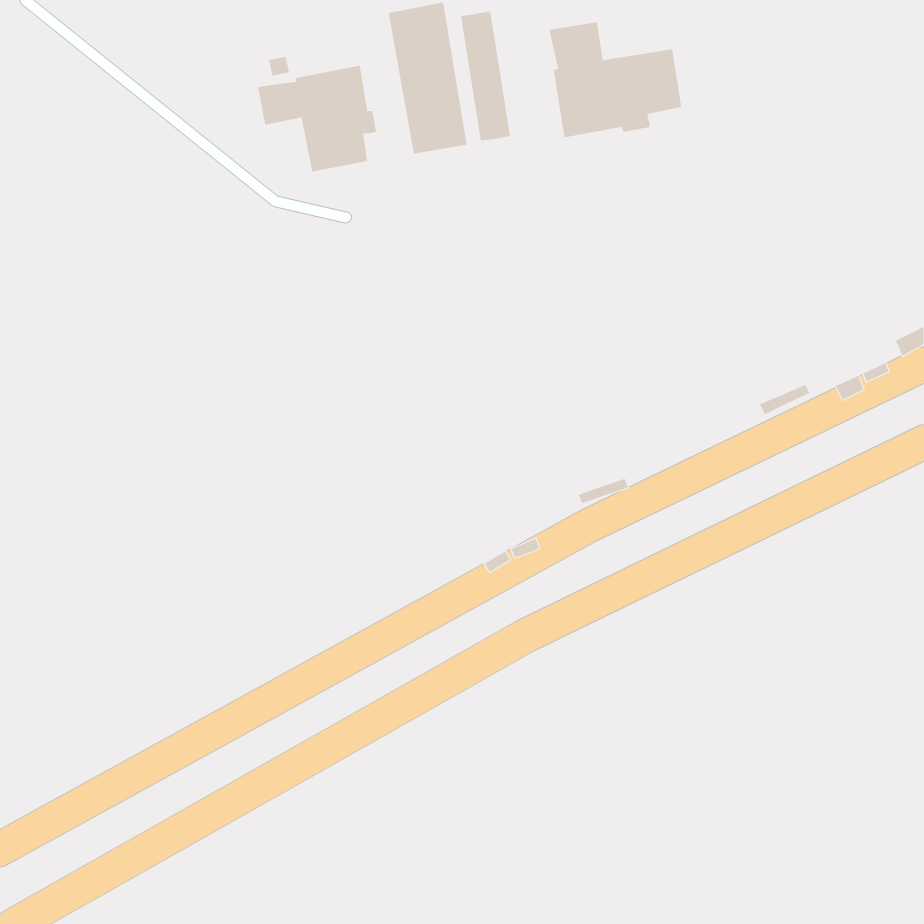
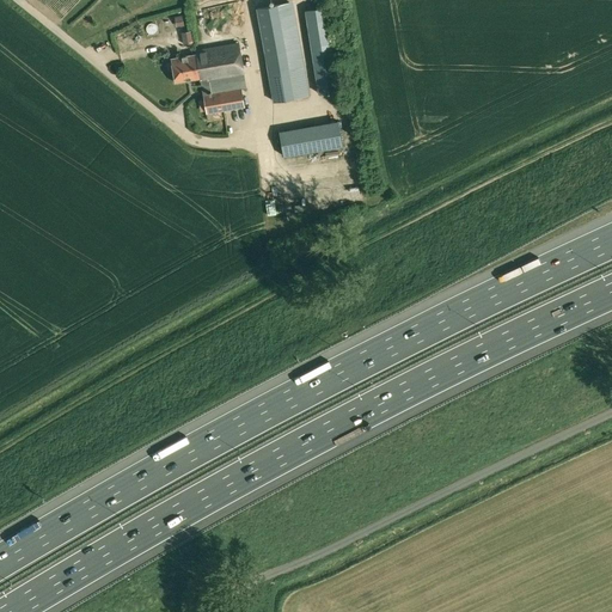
building: [549,21,682,138] -> none
building: none -> [279,121,342,158]

